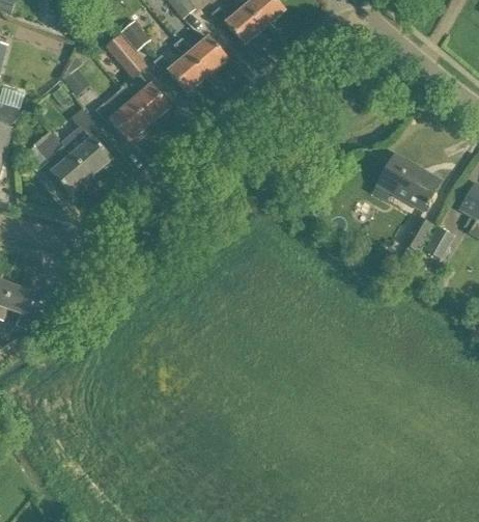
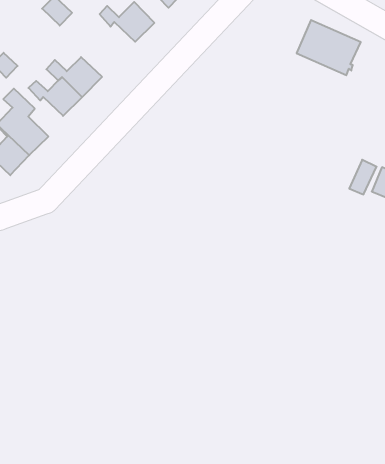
building: [103,33,145,79] -> none
building: [156,53,207,92] -> none
building: [375,153,440,211] -> [297,20,361,75]

